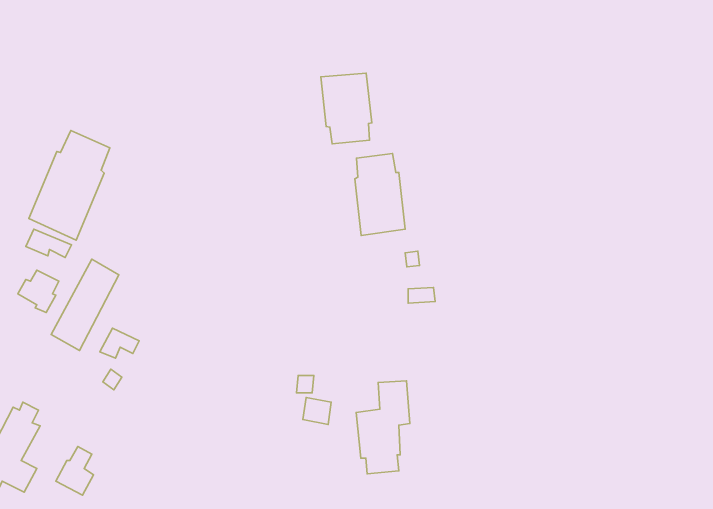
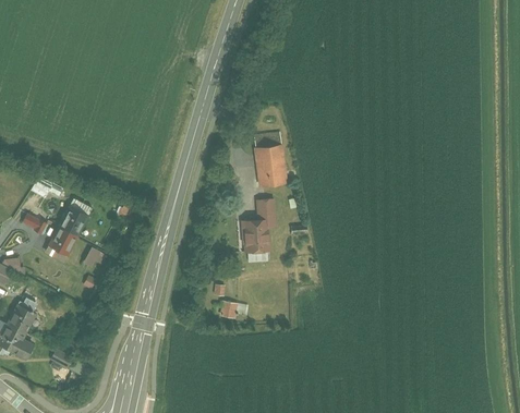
building: [321,73,372,144] -> none
building: [29,130,110,240] -> none
building: [356,381,410,474] -> [241,196,278,260]

